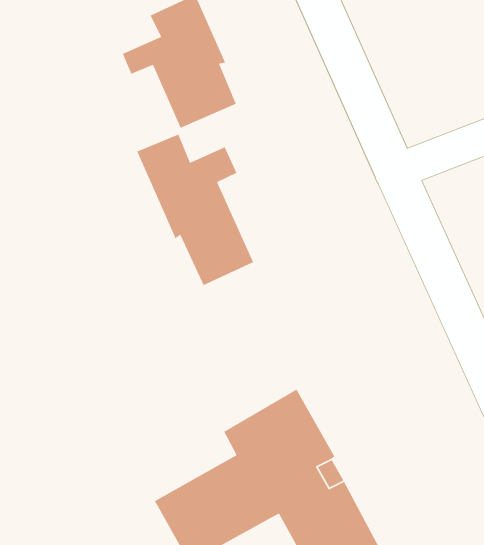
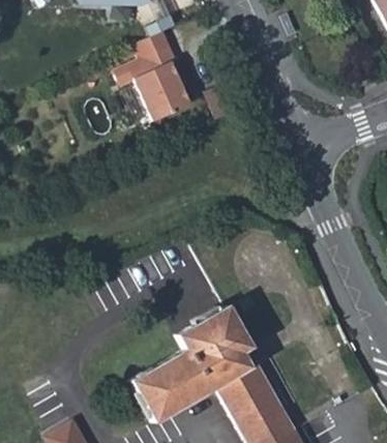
building: [136,133,254,286] -> none

